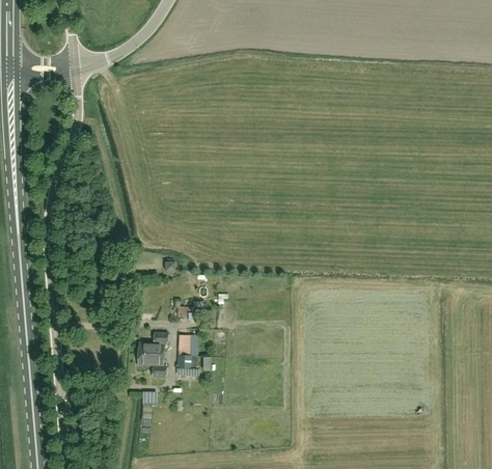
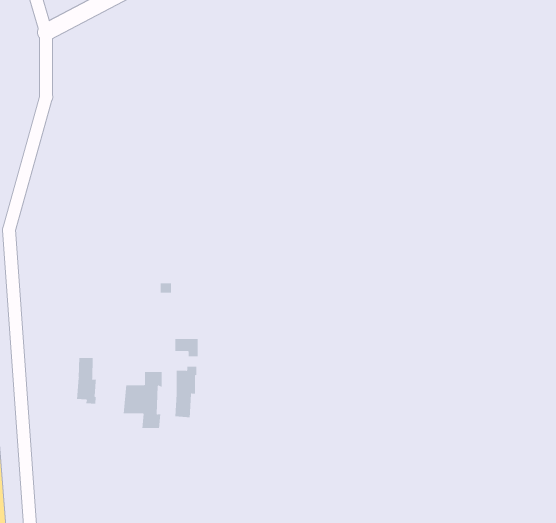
building: none -> [77,357,96,405]

